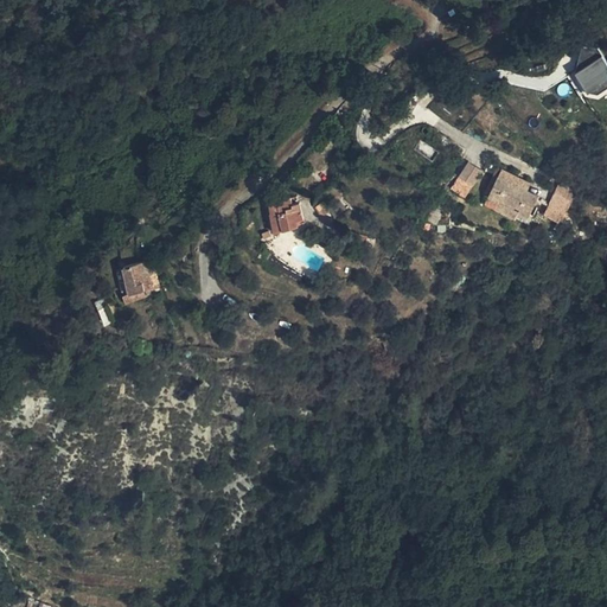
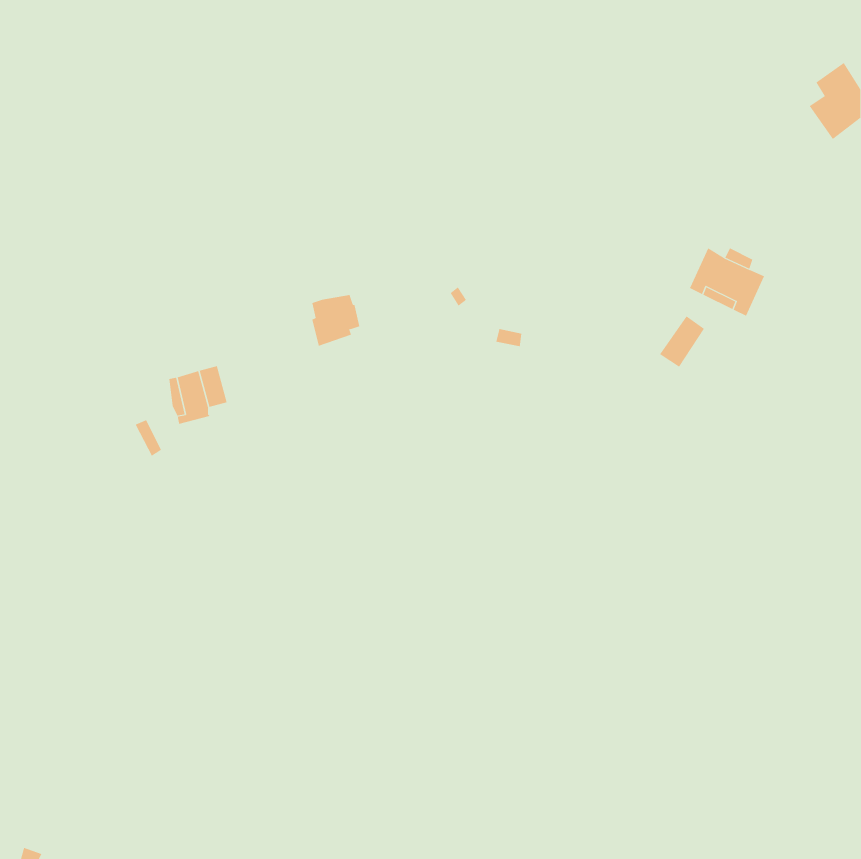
building: [449,162,481,199] -> [659,315,705,368]
building: [543,185,575,225] -> none
building: [269,196,304,232] -> [311,294,360,347]

